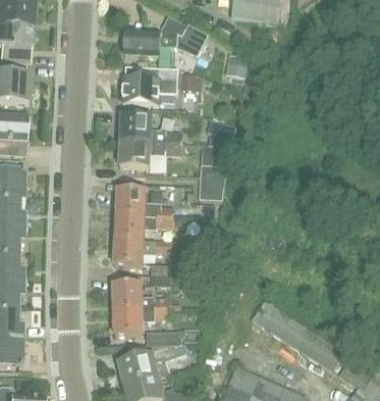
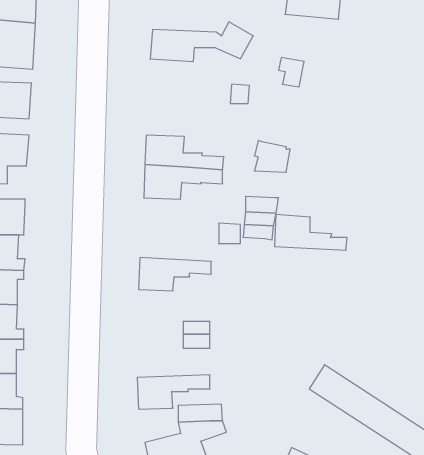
building: [122,67,178,103] -> none
building: [116,188,174,216] -> [275,215,347,250]
building: [114,239,172,264] -> none
building: [113,283,172,309] -> none

